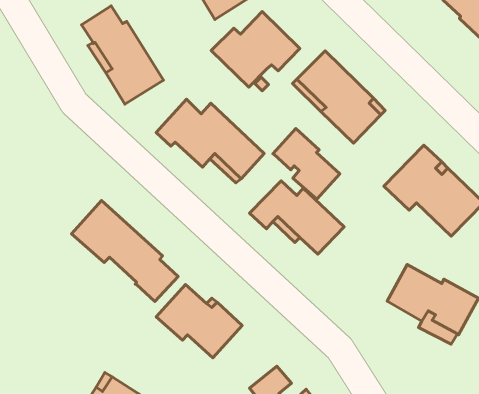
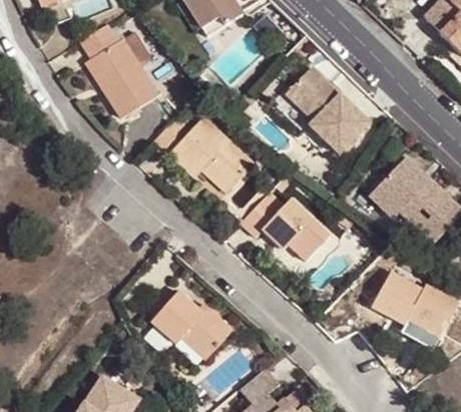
building: [211,12,300,87] -> none
building: [273,129,340,199] -> none
building: [71,201,178,302] -> none

